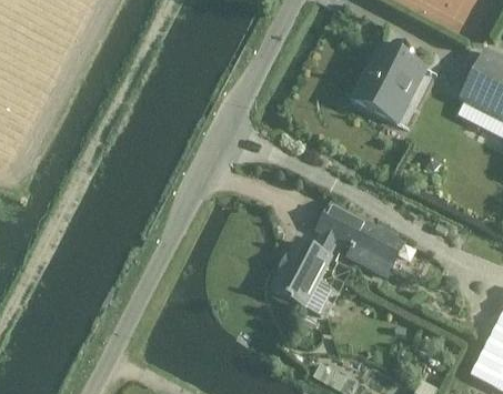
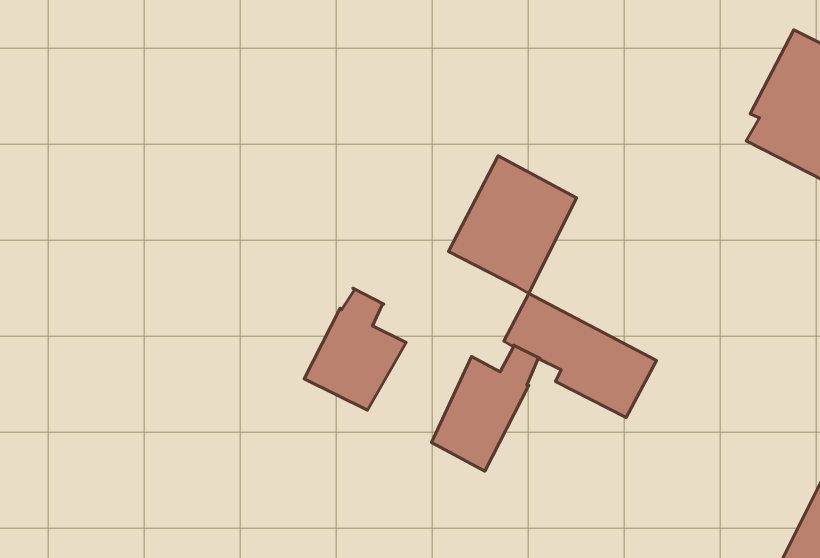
building: [352,43,426,123] -> [449,156,576,293]
building: none -> [304,288,406,410]

